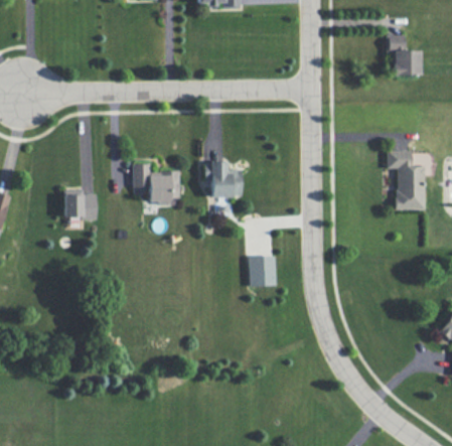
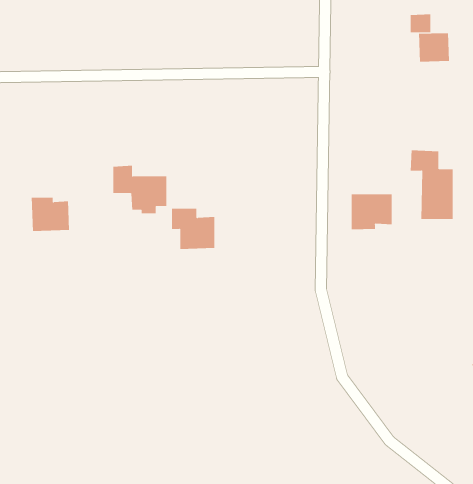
building: [205,162,243,197] -> [171,208,215,249]
building: none -> [351,194,392,230]
building: [251,256,277,286] -> none

